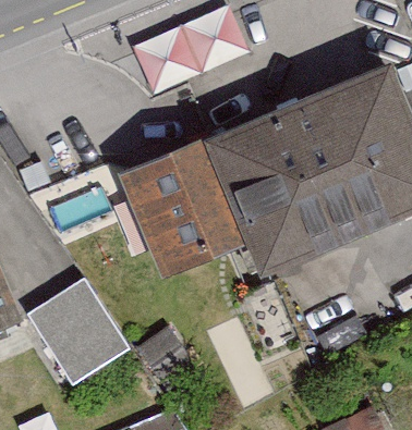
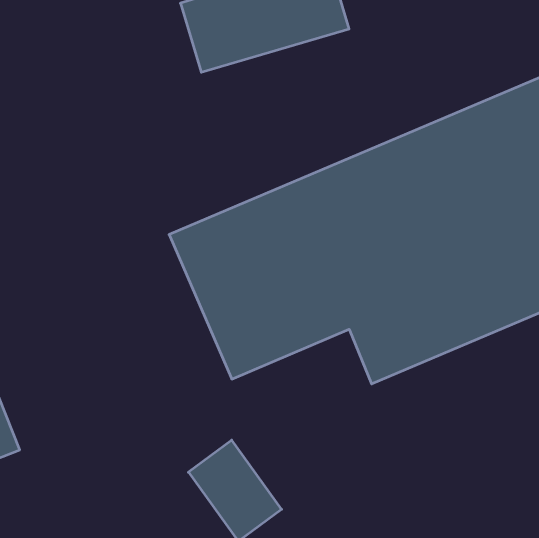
building: [24,274,121,377] -> none

